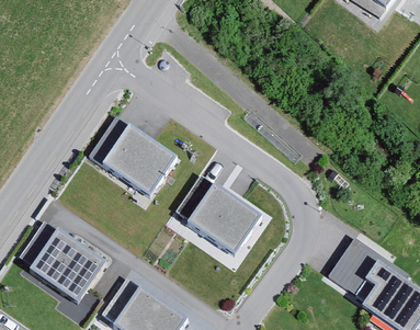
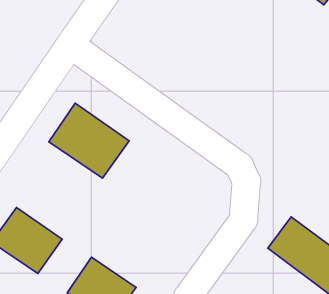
building: [182,185,265,265] -> none

